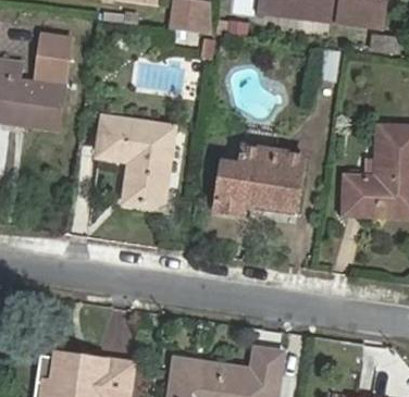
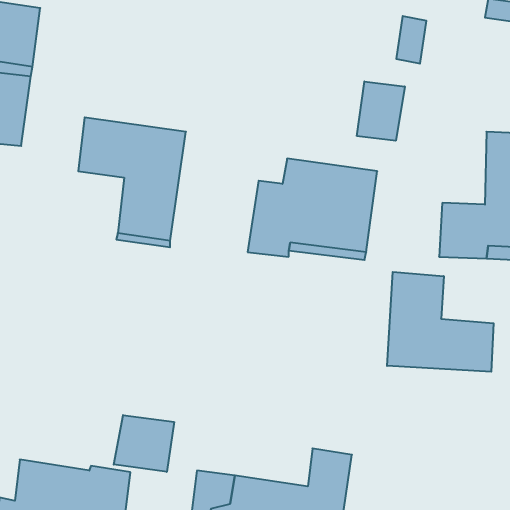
building: none -> [357,81,405,141]
building: none -> [387,272,494,372]
building: none -> [114,415,174,472]

